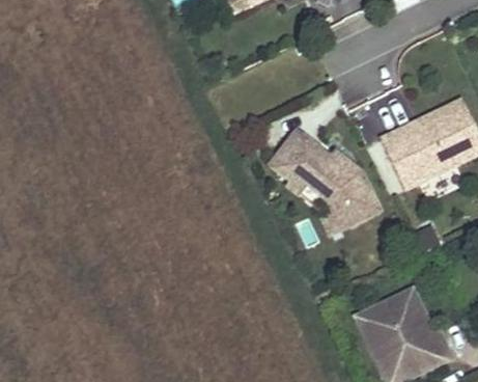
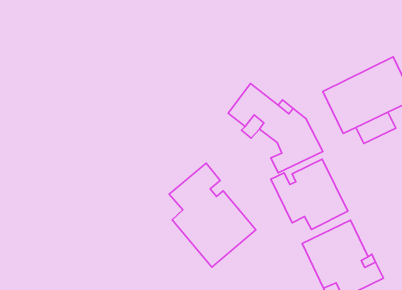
building: none -> [271,159,348,230]
building: none -> [169,163,256,267]

